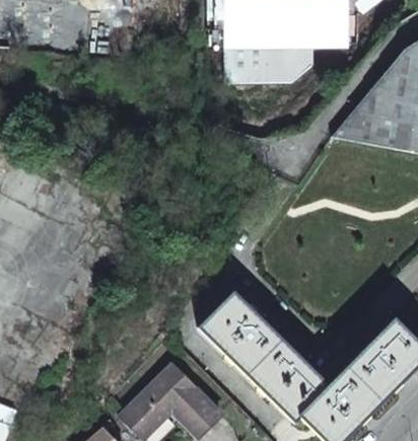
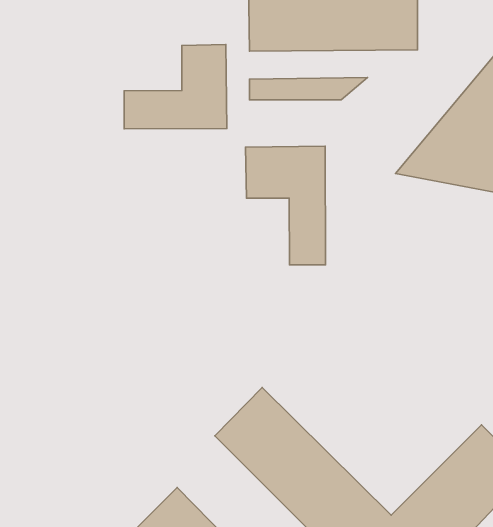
building: none -> [124,44,227,129]
building: none -> [245,146,326,265]

